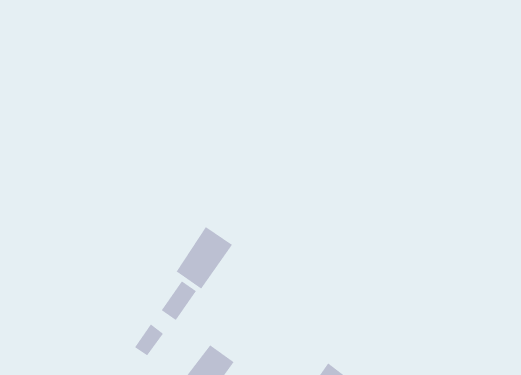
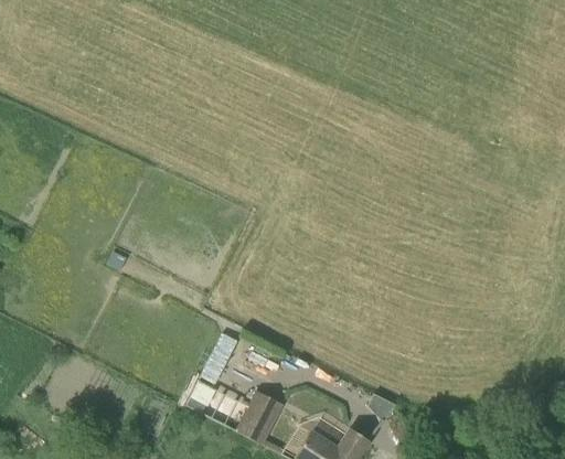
building: [176,226,233,290] -> none

